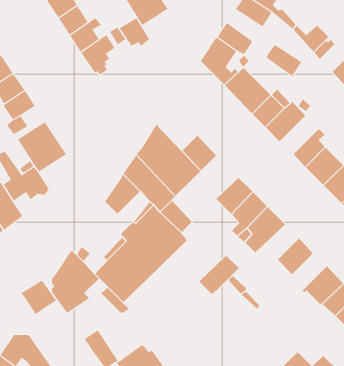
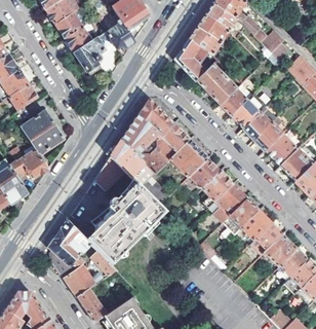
building: [266,44,302,77] -> [198,15,229,43]
building: none -> [139,98,173,136]
building: none -> [243,108,275,139]
building: none -> [170,140,208,178]
building: none -> [250,223,283,256]
building: [198,255,240,295] -> [225,198,260,232]
building: [21,280,57,315] -> [65,266,95,296]

